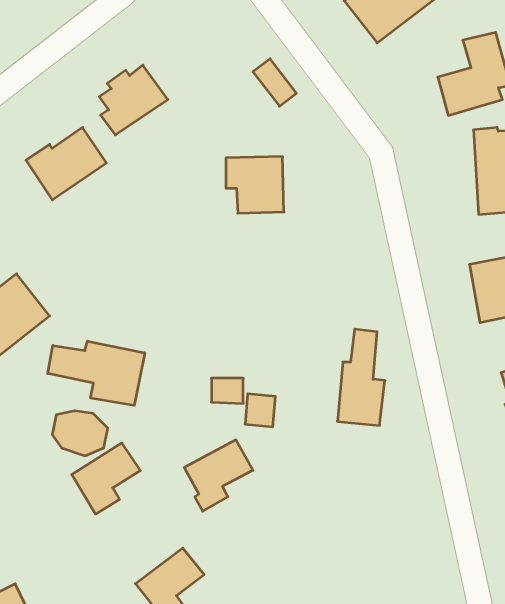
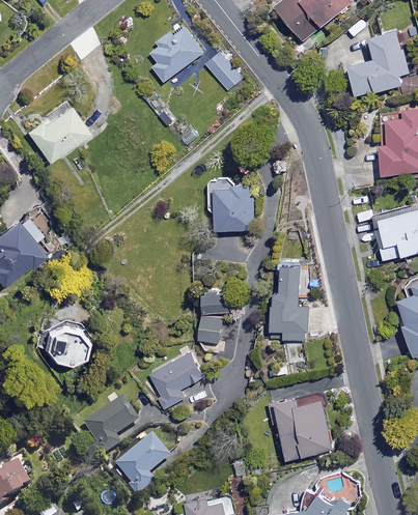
building: [99,65,168,135] -> [150,27,204,82]
building: [226,157,284,213] -> [208,185,254,230]
building: [48,341,145,405] -> none
building: [211,378,243,403] -> [204,293,229,313]
building: [72,443,140,514] -> [81,400,135,456]
building: none -> [269,397,332,458]

